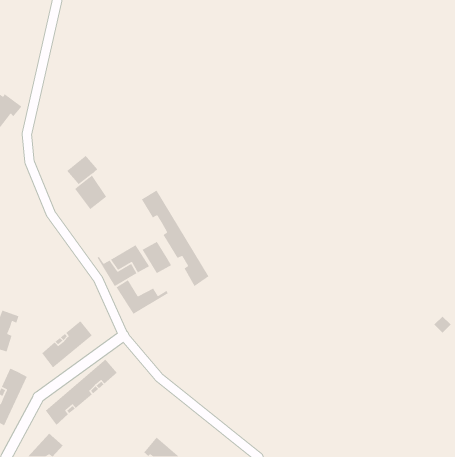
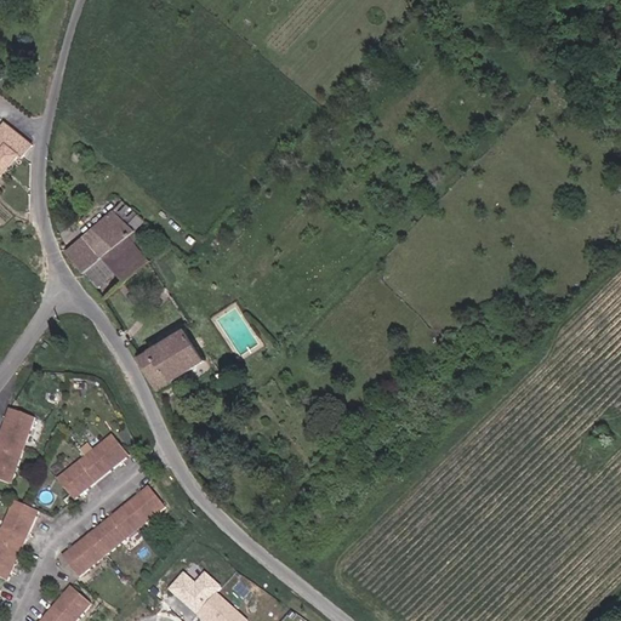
building: none -> [62,239,98,273]
building: [141,190,210,287] -> none
building: [141,241,172,274] -> none
building: [116,279,169,315] -> none
building: none -> [166,572,217,614]

